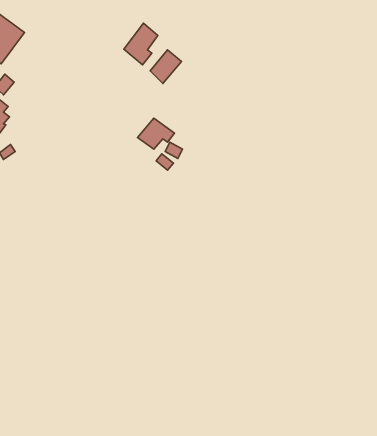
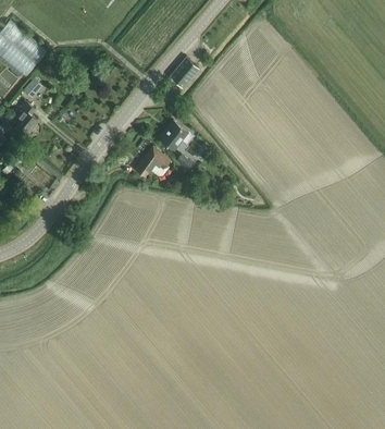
building: [124,23,158,65] -> none
building: none -> [135,147,170,179]

